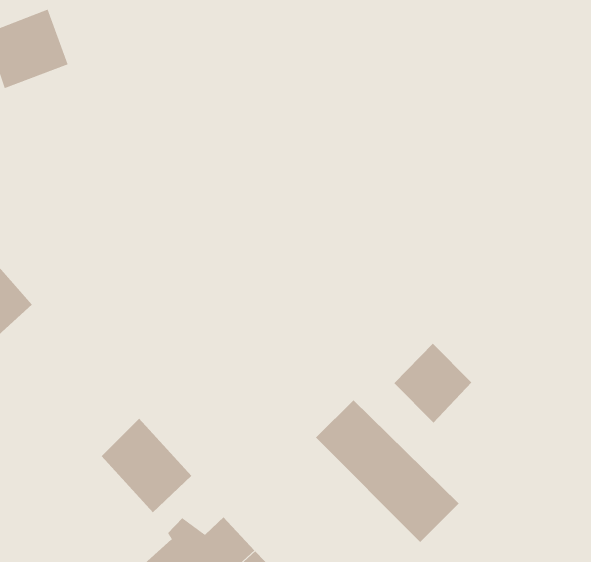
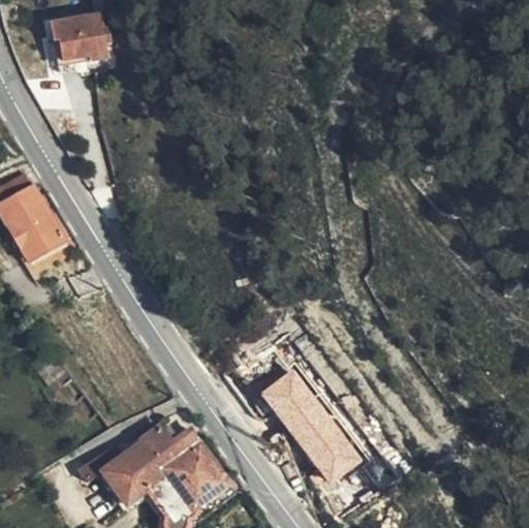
building: [393,343,472,423] -> none
building: [101,418,192,513] -> none

